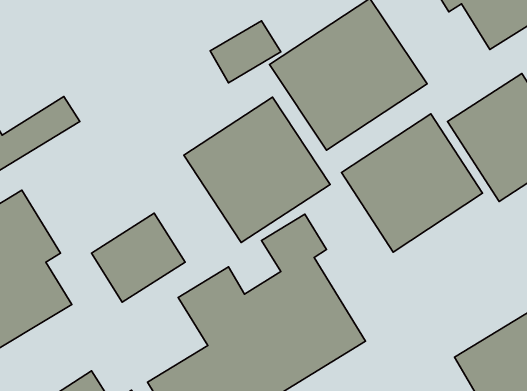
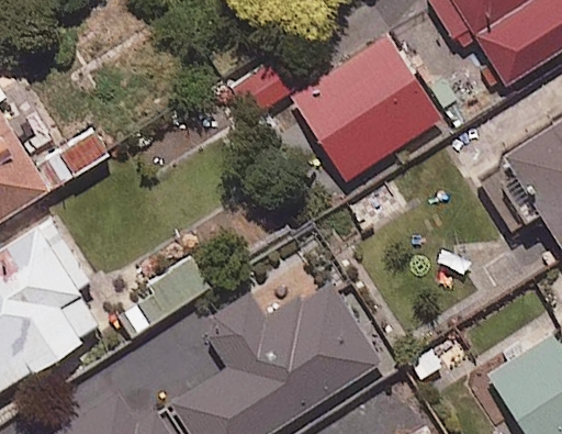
building: [184,97,330,243] -> none
building: [342,114,483,252] -> none

